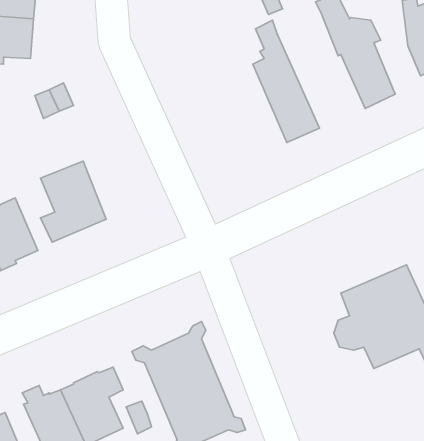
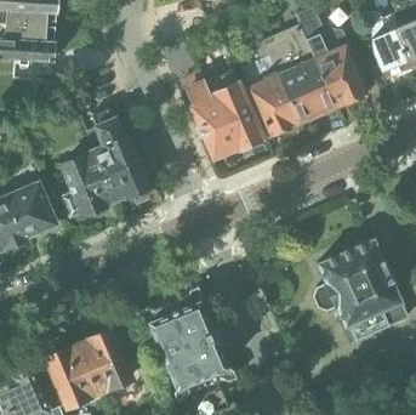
building: none -> [263,23,338,121]
building: none -> [184,70,261,157]
building: none -> [90,108,149,201]

